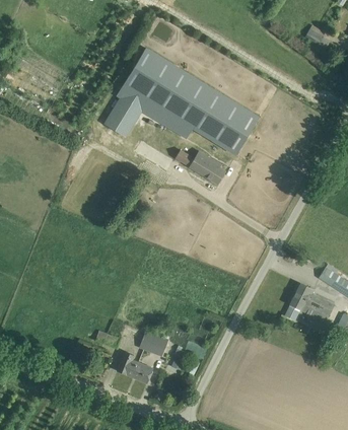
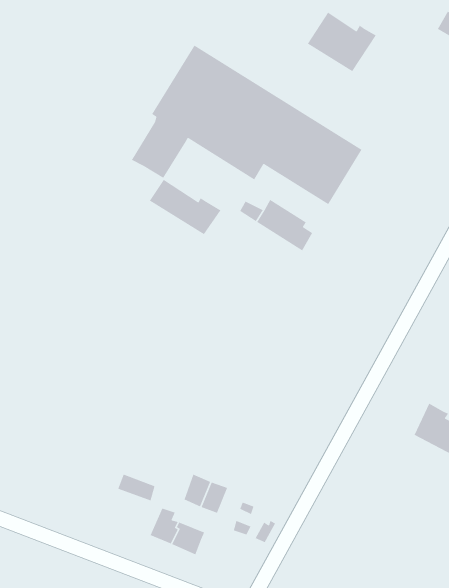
building: none -> [307,12,377,72]
building: none -> [149,179,222,235]

